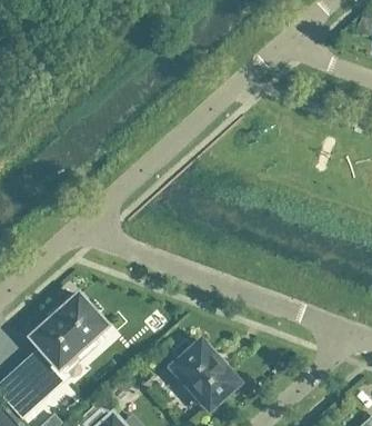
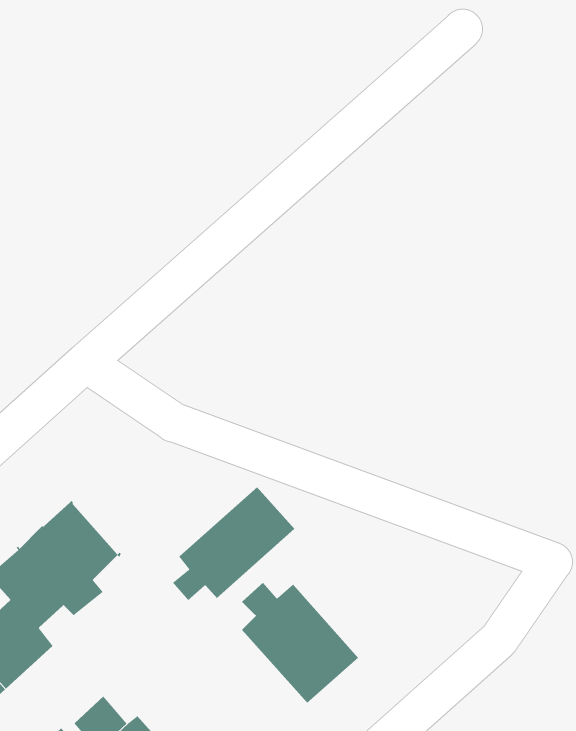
building: none -> [172,486,295,601]

